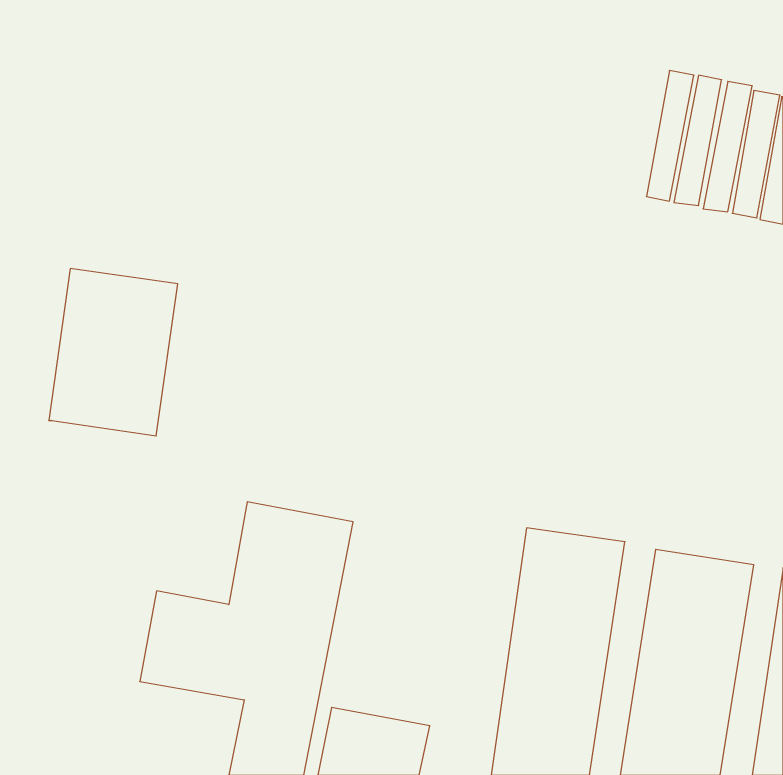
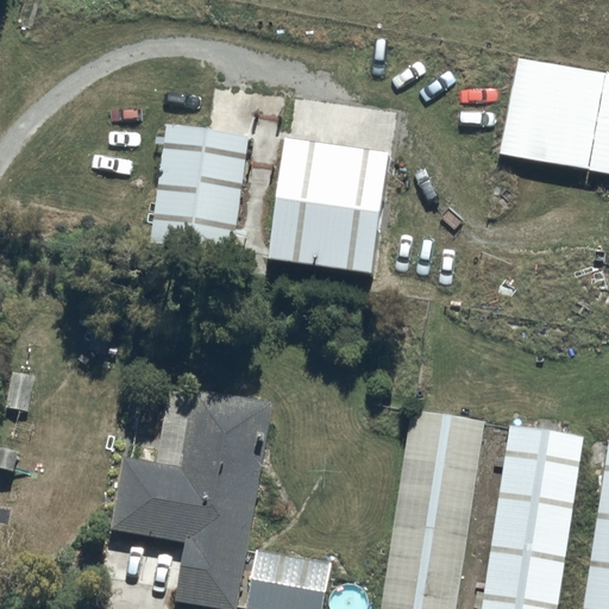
building: none -> [268,144,393,282]
building: [49,269,178,436] -> [150,126,250,256]

